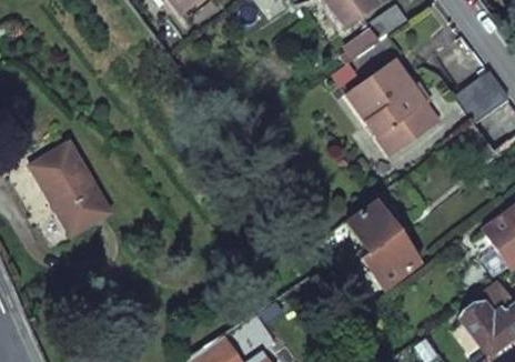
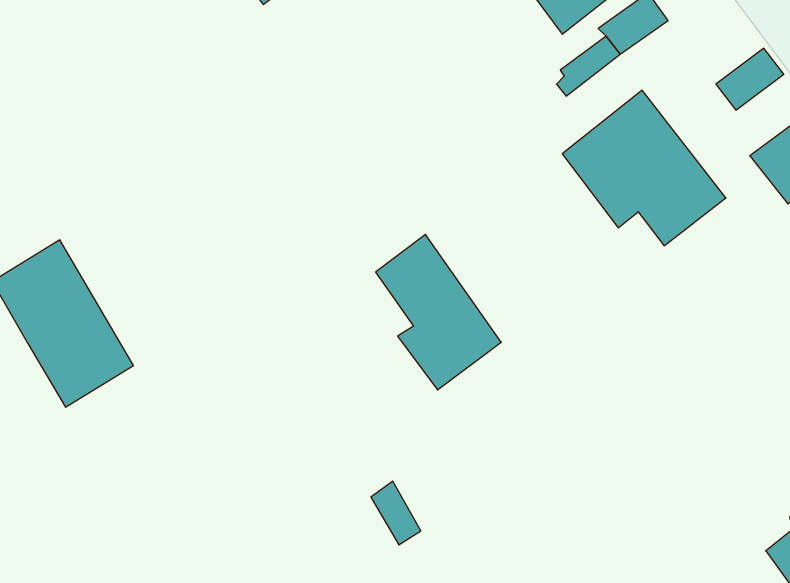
building: [349,201,418,288] -> [376,234,501,390]

